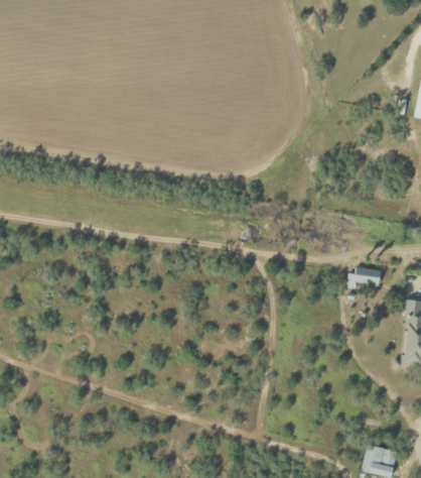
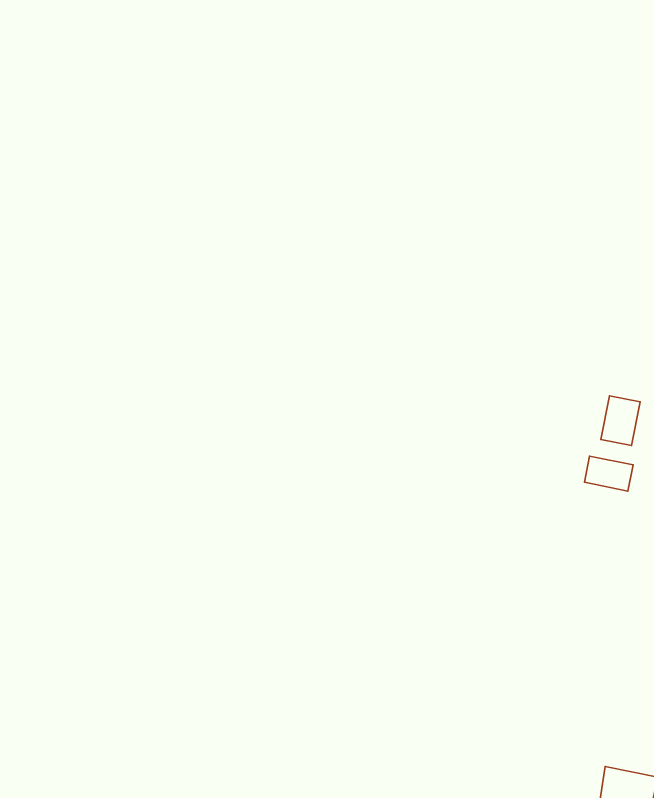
building: none -> [601,396,640,446]

